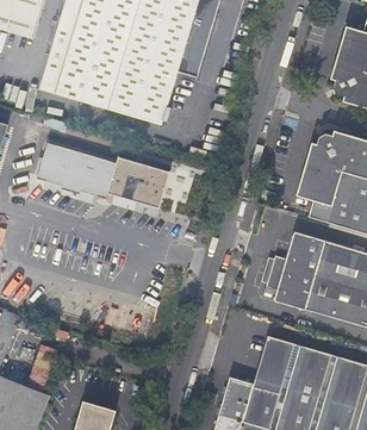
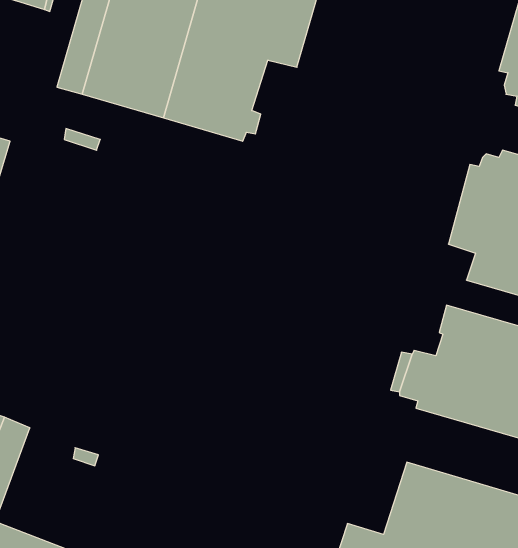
building: [36,142,169,208] -> none

